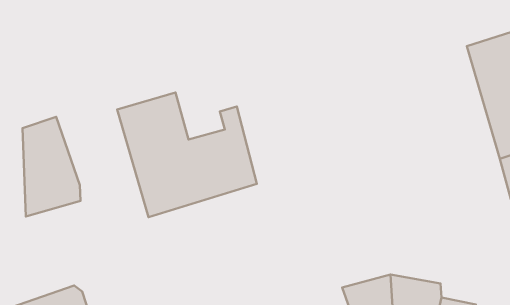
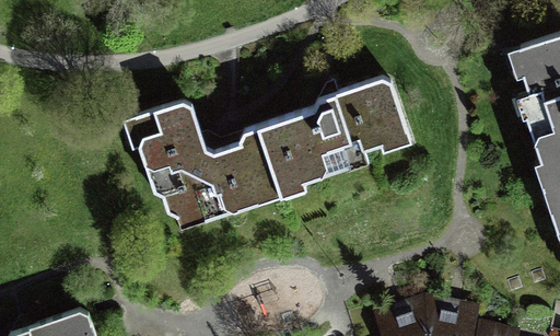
building: none -> [258,74,420,200]
building: [22,117,80,217] -> none

